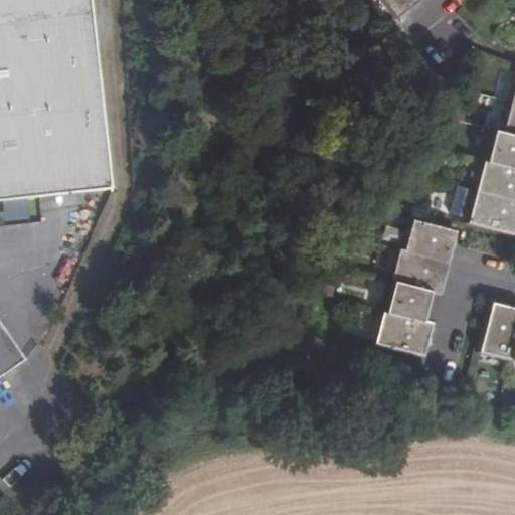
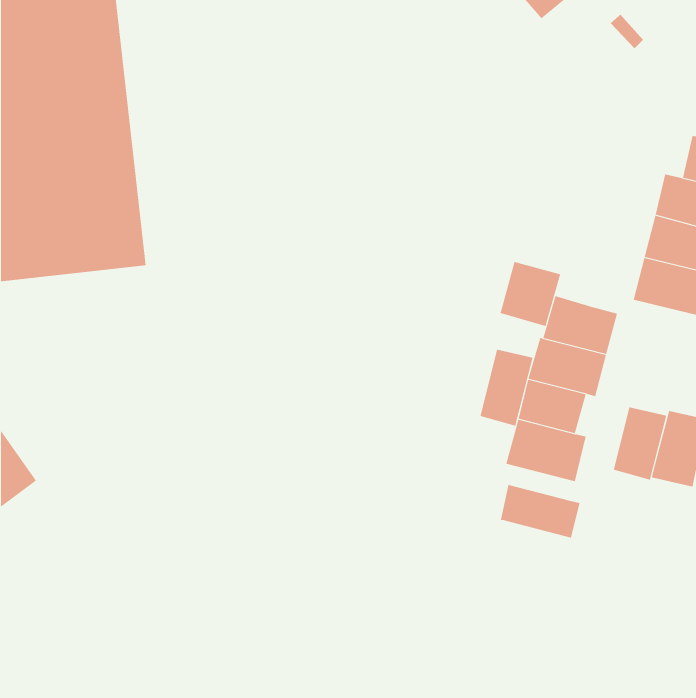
building: none -> [500,261,561,327]
building: none -> [480,349,533,426]
building: none -> [613,406,667,480]
building: none -> [500,484,580,538]

